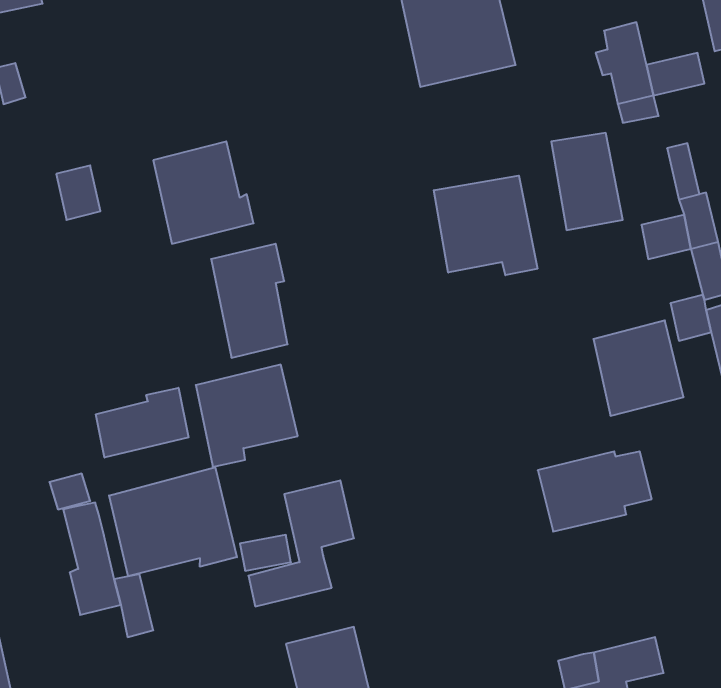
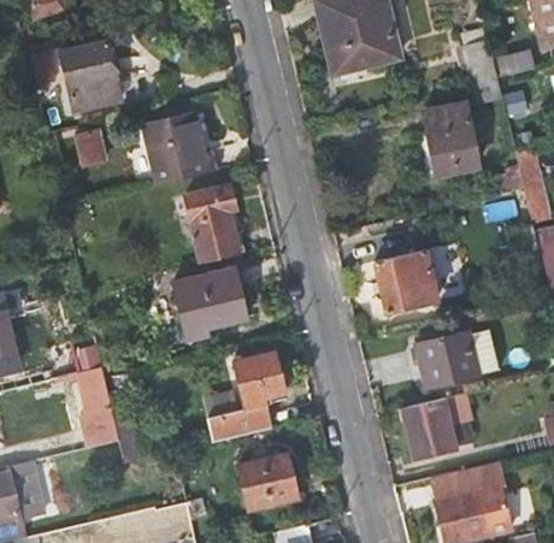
building: none -> [53,39,120,113]
building: [434,176,537,275] -> none
building: [593,320,684,416] -> [373,247,437,314]
building: [96,388,189,458] -> none
building: [109,467,237,576] -> none
building: none -> [401,393,472,458]

